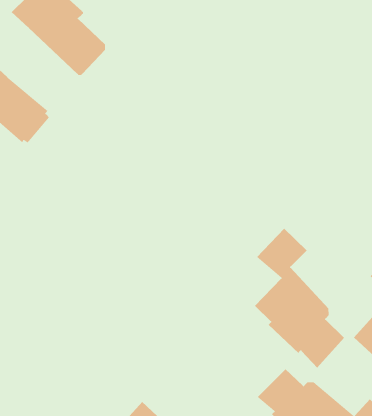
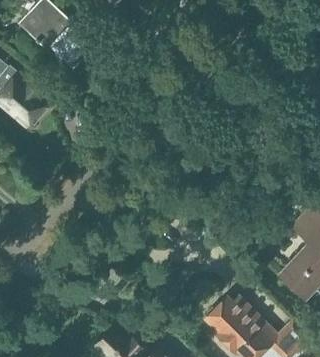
building: [254,228,345,368] -> none

